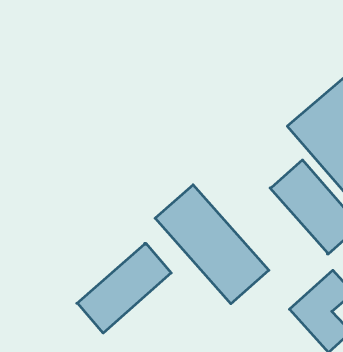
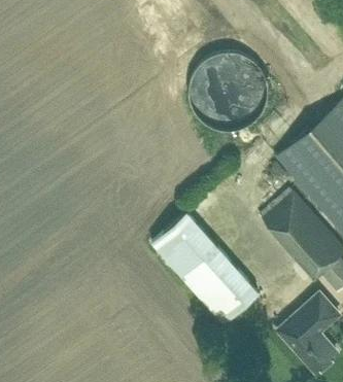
building: none -> [188,53,267,131]
building: [77,243,171,333] -> none

